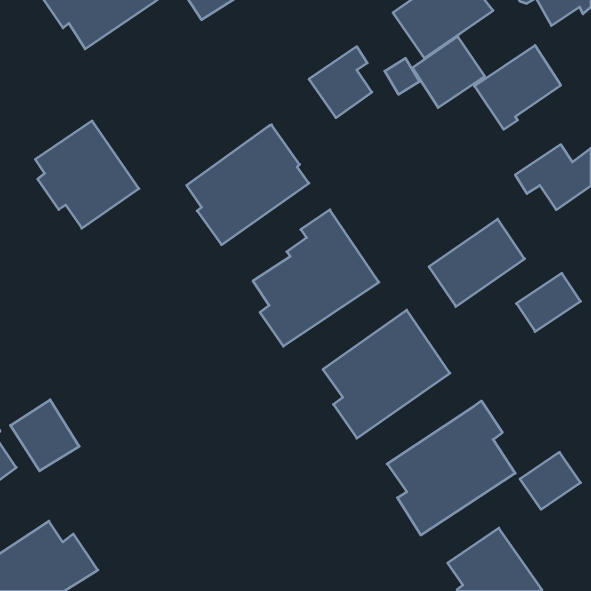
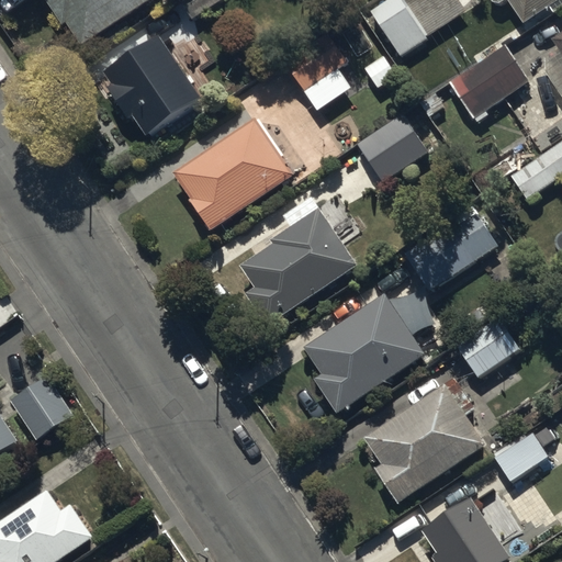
building: [412,36,485,108] -> [357,114,425,181]
building: [35,121,139,228] -> [103,36,201,137]
building: [516,273,581,332] -> [459,323,519,378]

